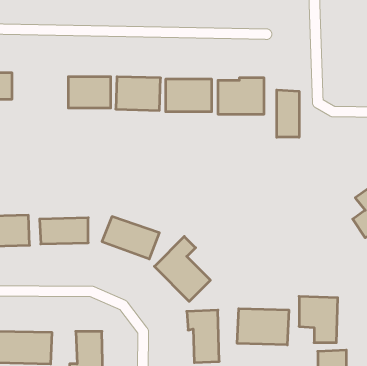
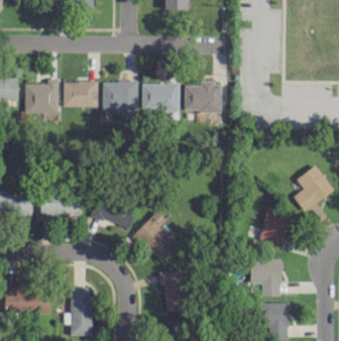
building: none -> [24,80,59,114]
building: [277,90,299,137] -> none
building: none -> [259,207,292,245]
building: [237,309,289,345] -> none

